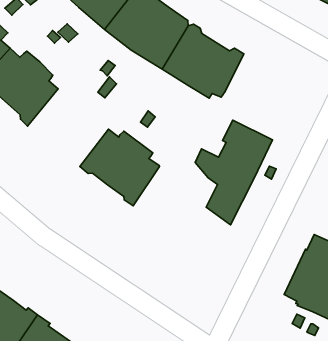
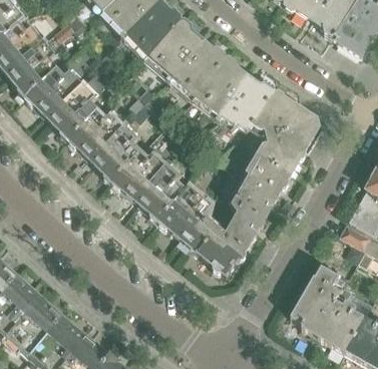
building: none -> [251,90,317,171]
building: none -> [66,108,140,181]
building: none -> [157,181,246,274]

